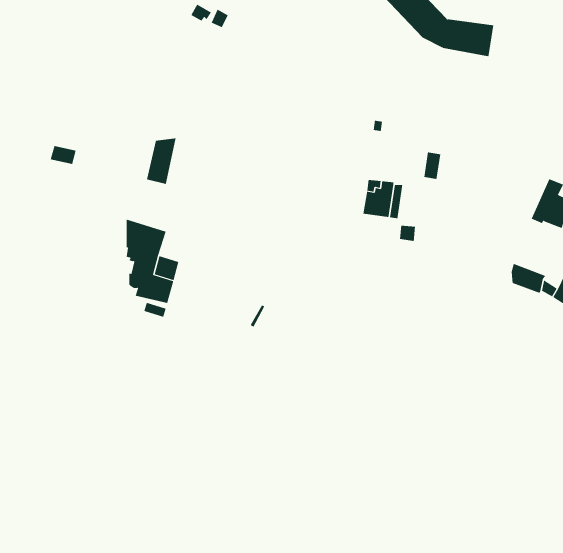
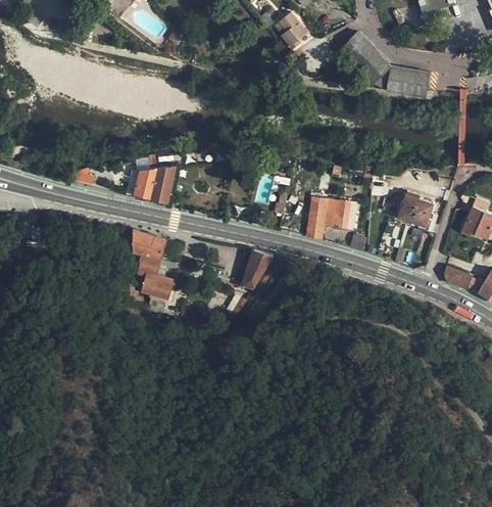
building: none -> [126,166,157,197]
building: none -> [399,193,432,224]
building: none -> [306,196,327,238]
building: none -> [242,249,273,290]

